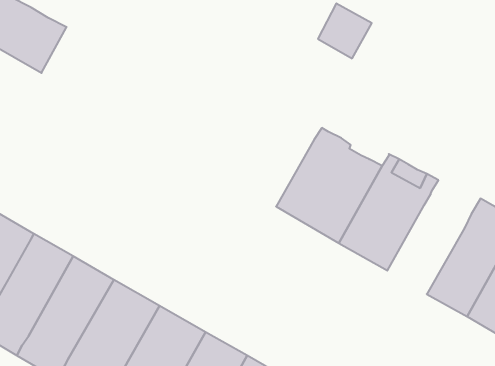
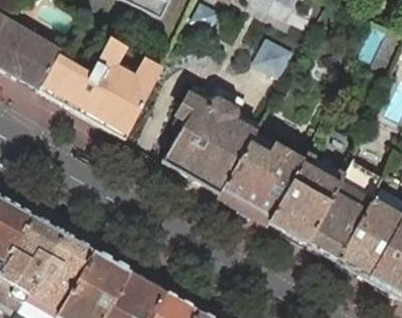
building: none -> [37,47,156,139]
building: none -> [162,94,254,193]
building: none -> [305,161,381,261]

